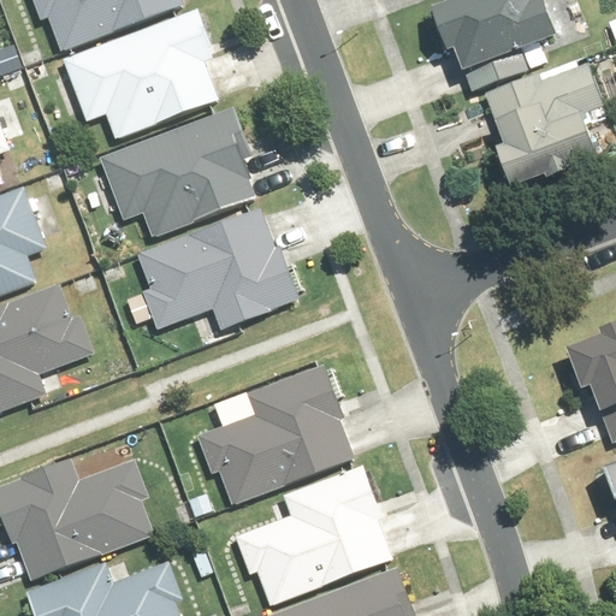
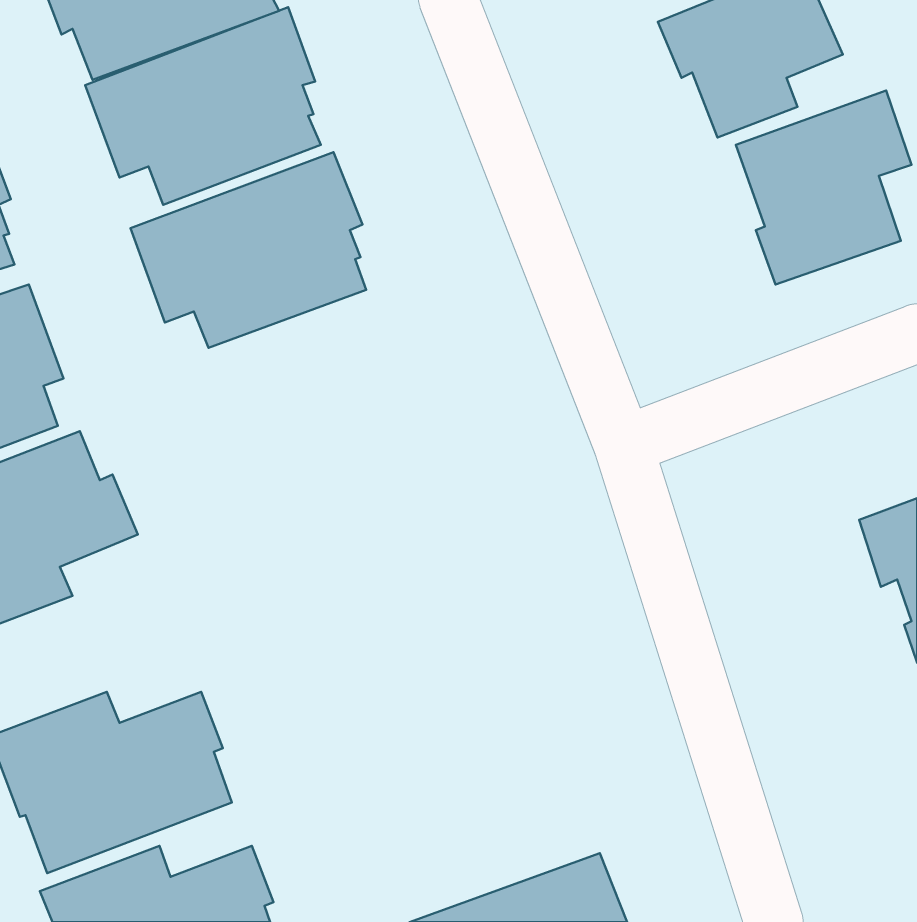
building: [140,212,300,333] -> none
building: [196,363,355,505] -> none
building: [236,464,393,604] -> none

